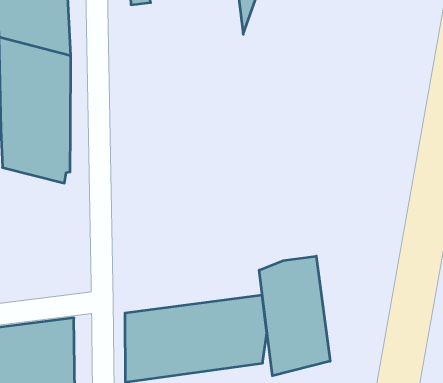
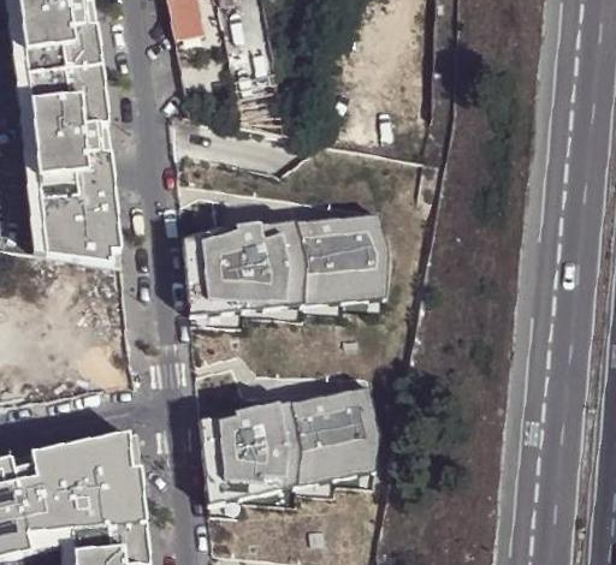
building: none -> [183,213,387,315]
building: [259,256,330,376] -> none

